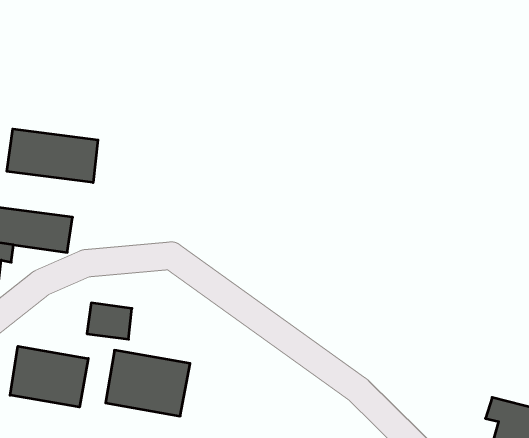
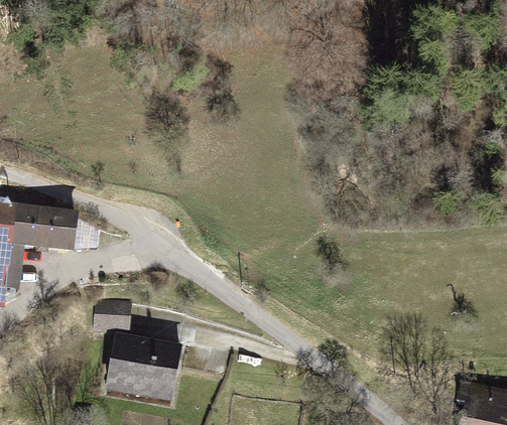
building: [7,129,98,183] -> none
building: [10,346,88,407] -> none

